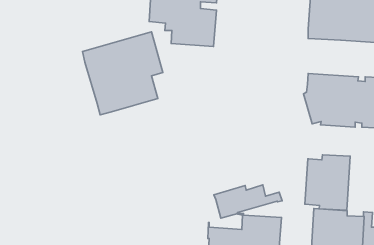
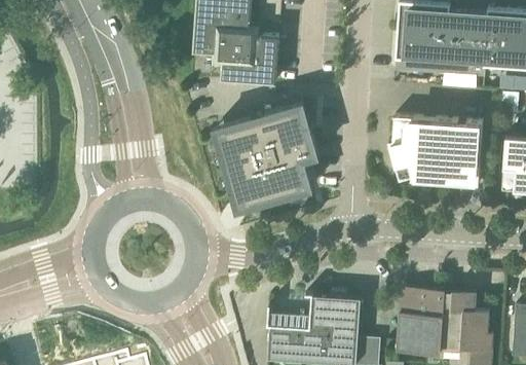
building: [82,32,163,115] -> [216,104,317,209]
building: [305,155,350,210] -> none
building: [214,185,282,218] -> none

